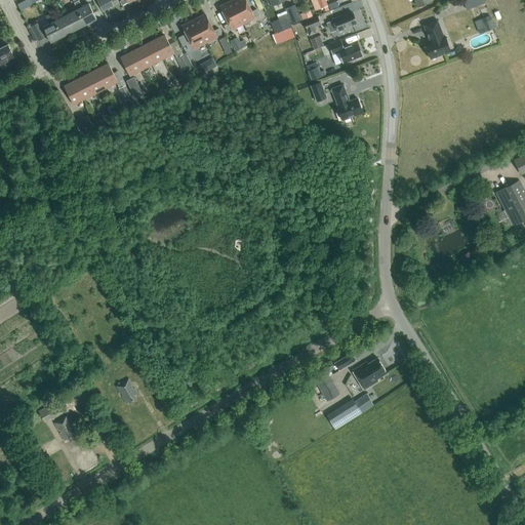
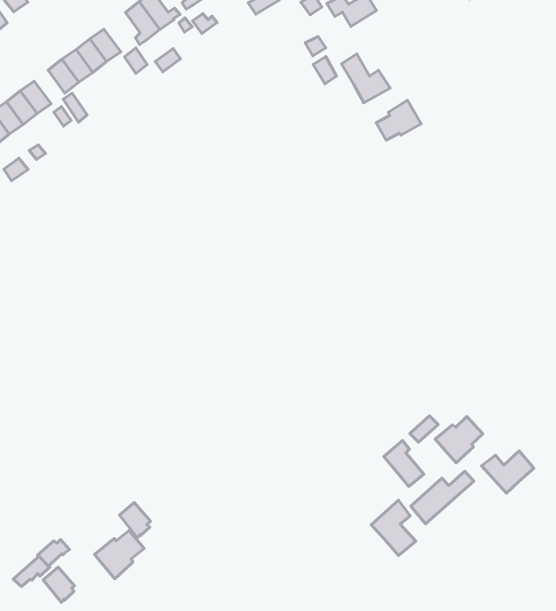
building: none -> [376,100,421,140]
building: none -> [481,451,534,493]
building: none -> [95,530,144,579]
building: none -> [371,500,416,555]

